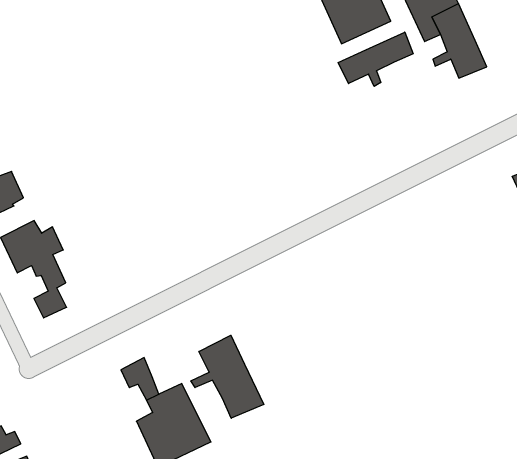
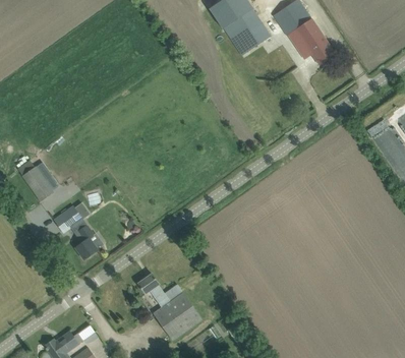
building: [338,32,413,86] -> none
building: [191,335,264,418] -> none

